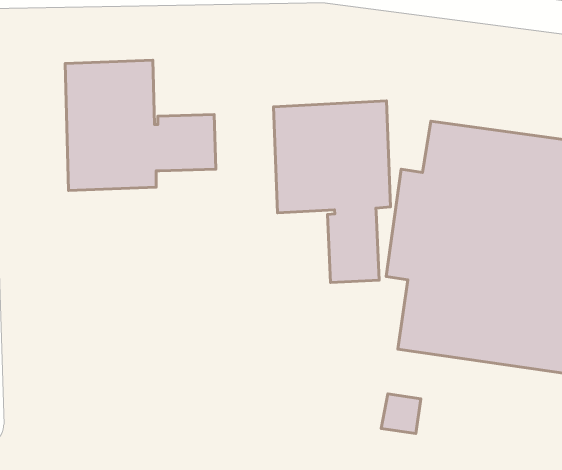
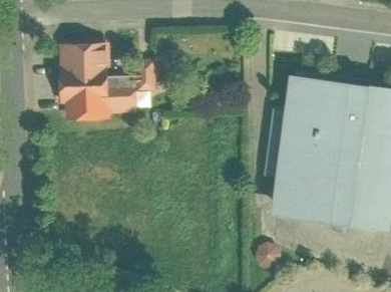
building: [273,101,390,282] -> none

